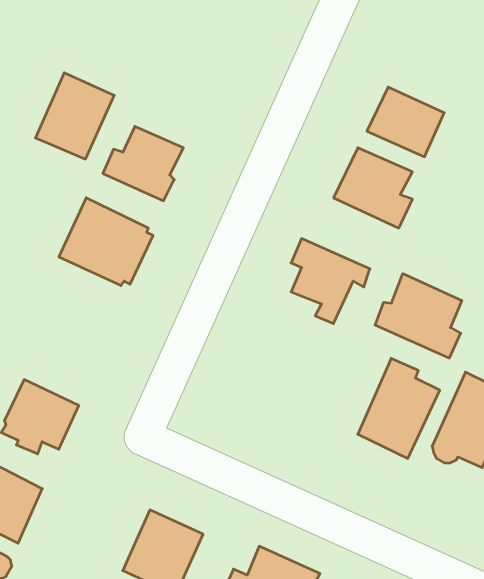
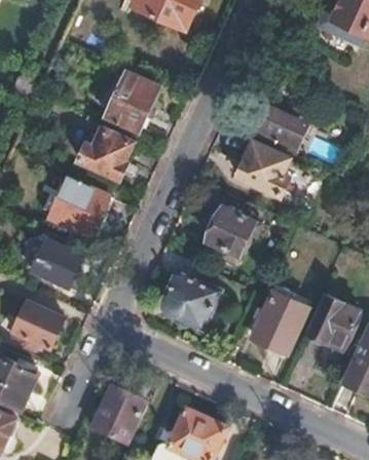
building: [35,73,114,159] -> [106,73,159,131]
building: [375,274,462,358] -> none
building: none -> [32,239,82,286]
building: none -> [162,272,218,320]

